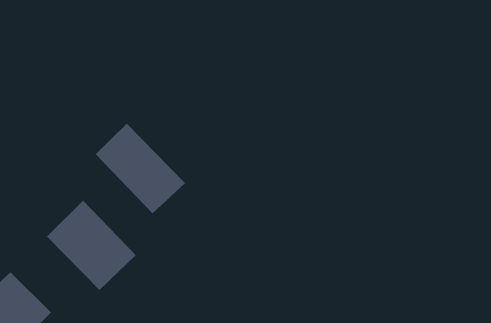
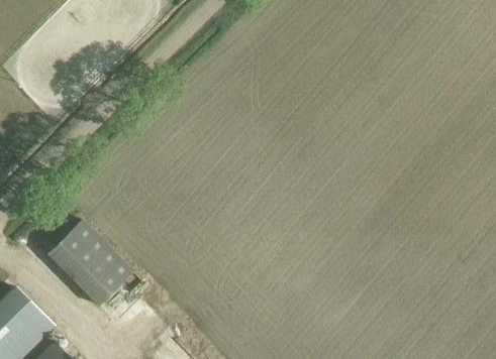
building: [95,123,186,214] -> none

